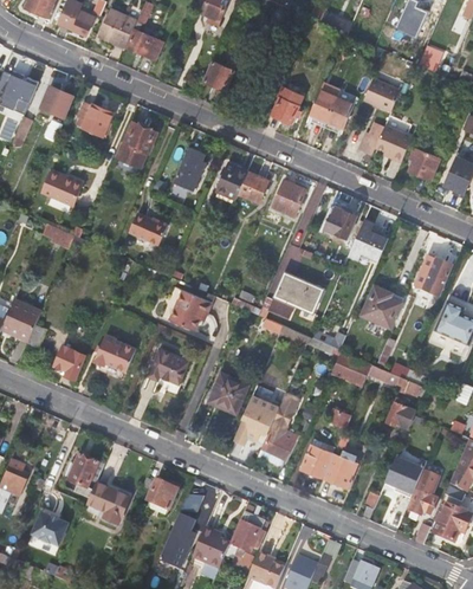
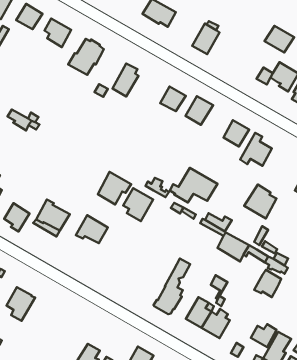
building: [310,89,355,129] -> none
building: [216,163,247,199] -> none
building: [43,169,82,206] -> none
building: [128,213,168,245] -> none
building: [210,373,248,414] -> [123,188,153,221]
building: [233,395,279,445] -> none
building: [137,477,180,509] -> none
building: [86,479,131,524] -> none

